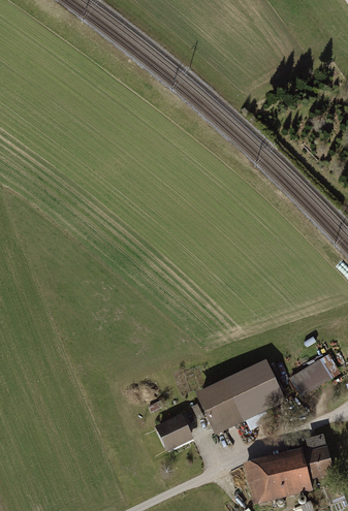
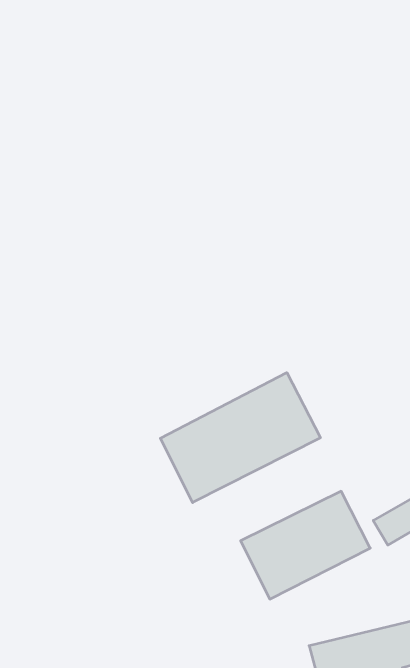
building: none -> [160,373,320,503]
building: [158,415,192,448] -> none

